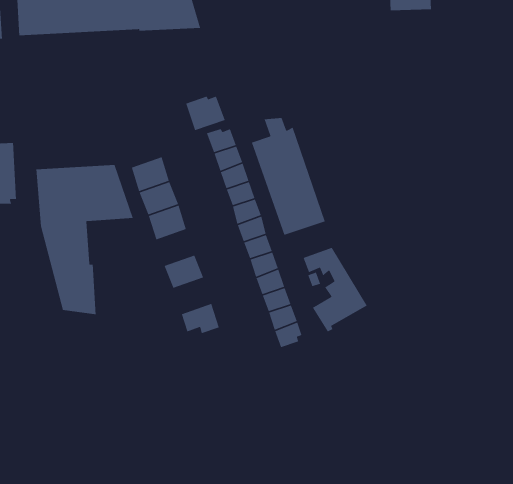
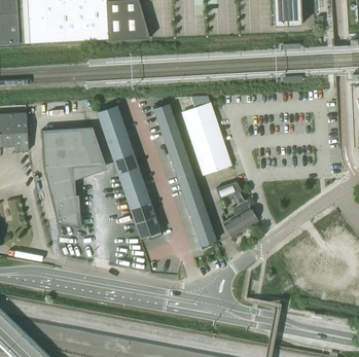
building: [185,95,226,131] -> [97,106,123,130]
building: none -> [119,171,145,194]
building: none -> [131,203,156,226]

